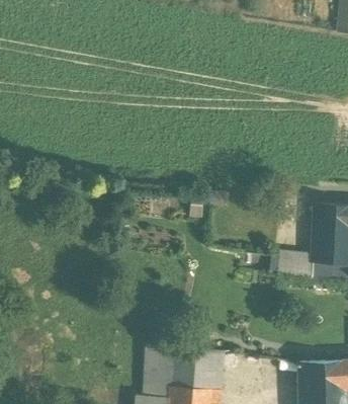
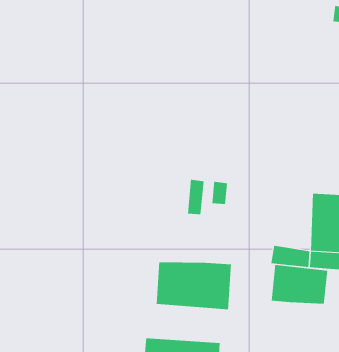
building: none -> [156,262,232,310]
building: none -> [271,264,328,305]

